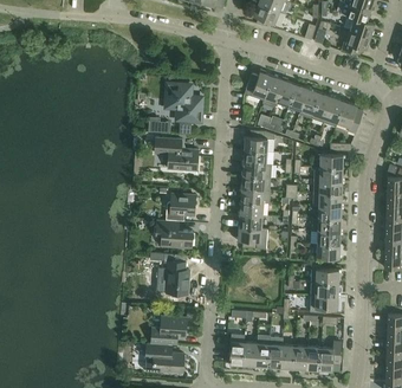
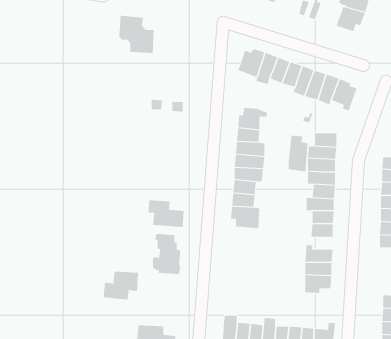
building: [167,83,202,121] -> [119,15,155,53]
building: [155,137,199,173] -> none
building: none -> [288,135,308,172]
building: [166,190,196,220] -> none
building: [151,316,187,344] -> [103,271,139,300]

